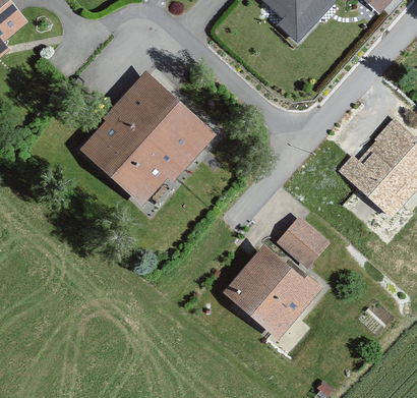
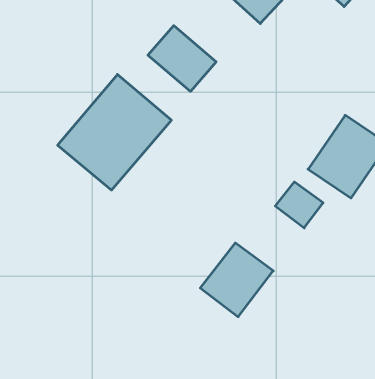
building: none -> [148,26,216,91]
building: [280,218,329,265] -> [275,182,323,228]

